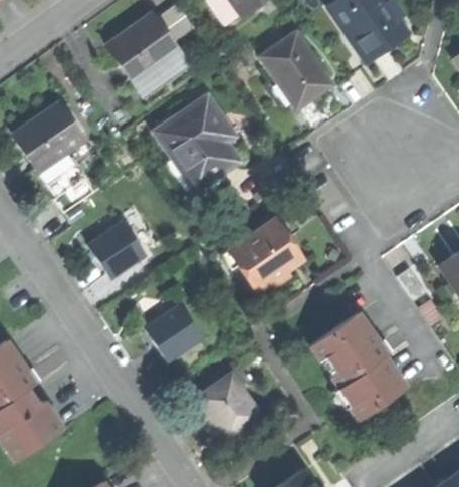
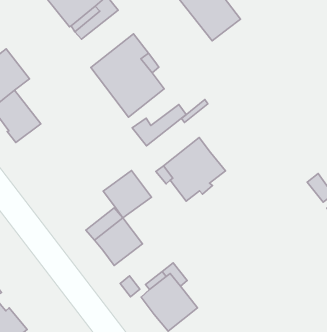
building: none -> [132,104,186,146]
building: [91,222,147,276] -> [103,170,151,218]
building: [310,312,404,419] -> none

